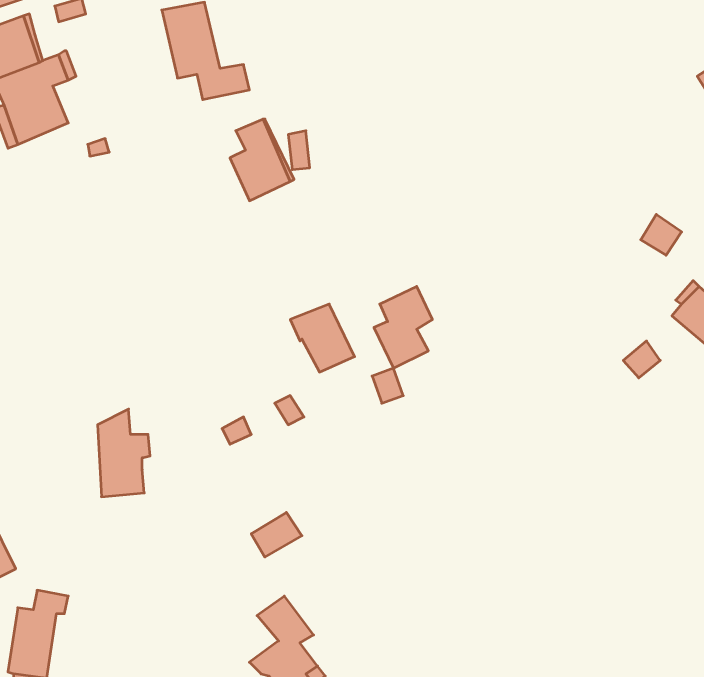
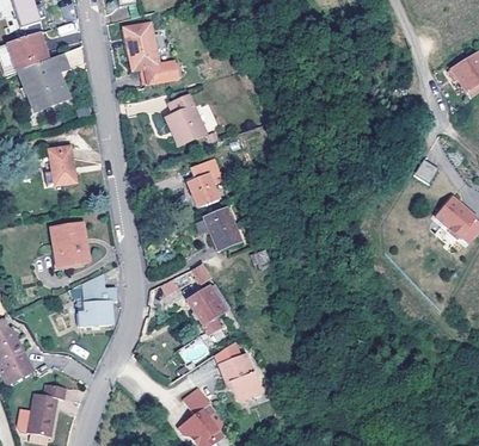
building: none -> [48,145,75,184]
building: [374,286,432,368] -> [186,157,222,207]
building: none -> [50,222,86,266]
building: none -> [188,285,225,334]
building: none -> [214,337,262,399]

